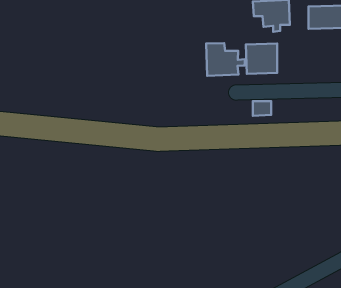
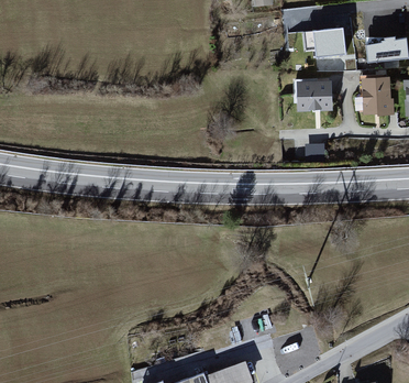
building: none -> [358,76,391,117]
building: [206,43,245,76] -> none

